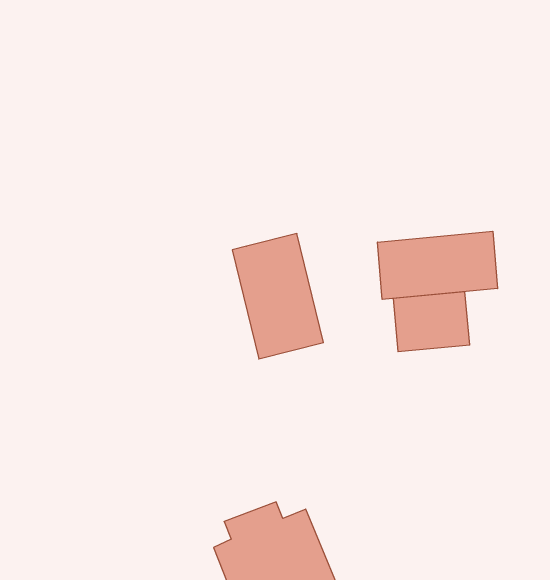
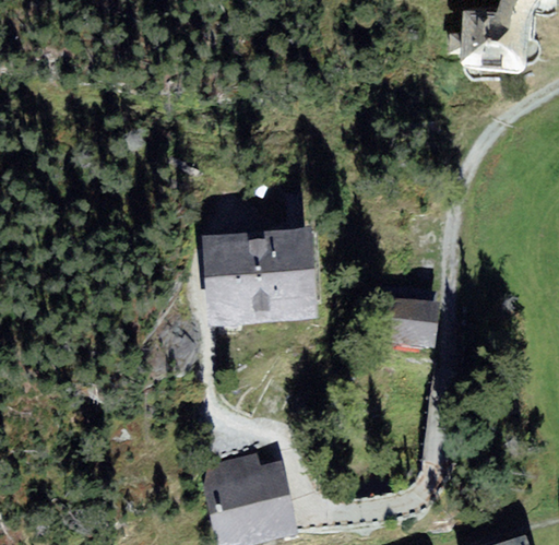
building: [378,231,498,299] -> none
building: none -> [204,234,264,329]

